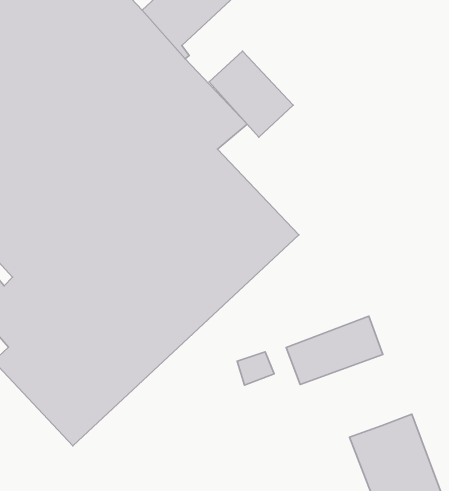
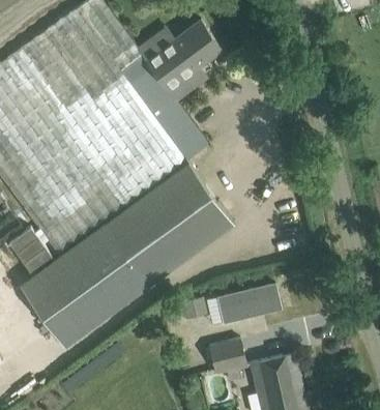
building: [209,51,293,137] -> none
building: none -> [210,341,246,383]

